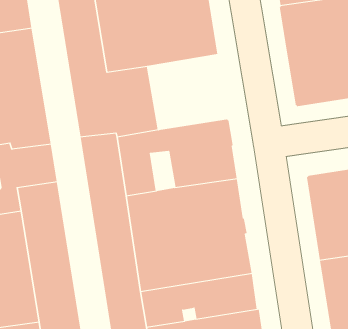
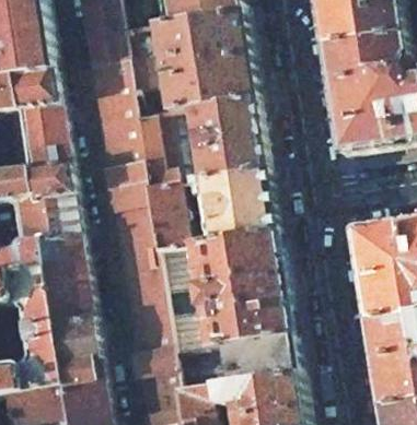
building: none -> [175,95,263,177]

